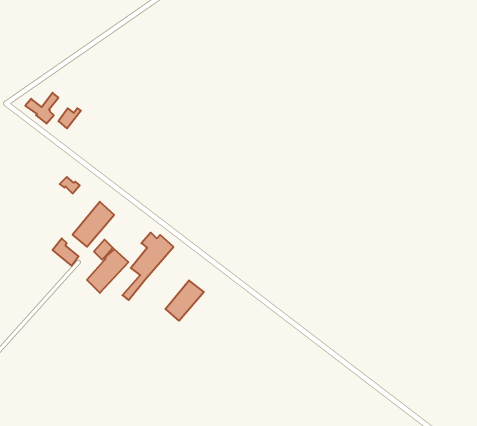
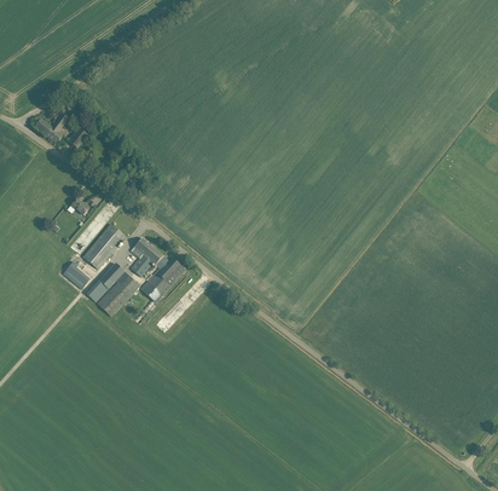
building: none -> [131,236,162,276]
building: [165,280,204,321] -> none

